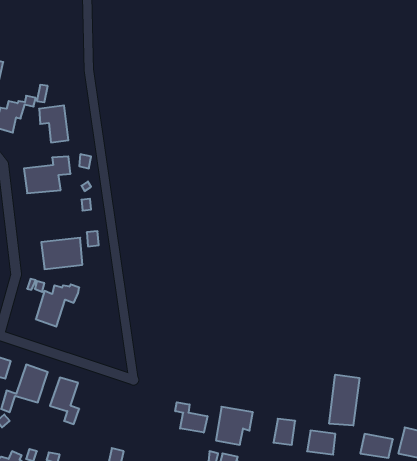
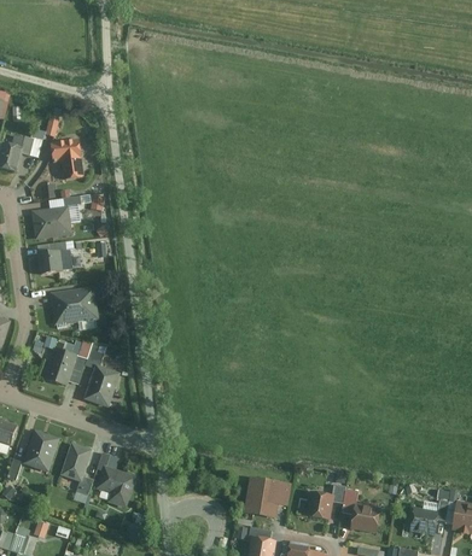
building: none -> [40,241,66,275]
building: none -> [85,350,121,406]
building: [329,375,359,426] -> none
building: none -> [97,452,136,507]
building: [175,402,207,433] -> none

